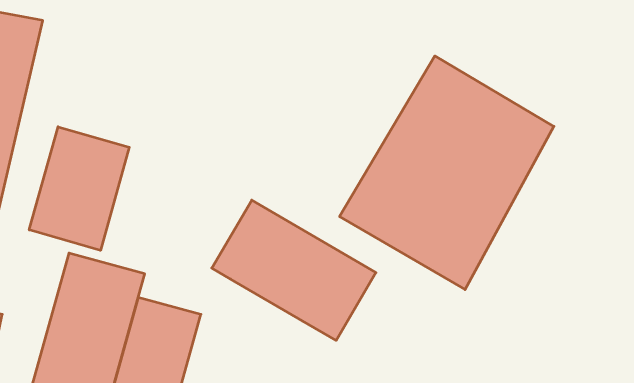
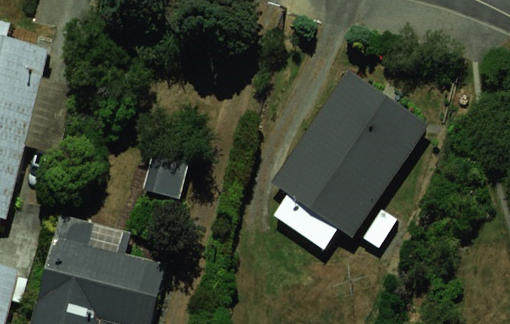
building: [29,127,129,250] -> none
building: [212,200,376,340] -> none

